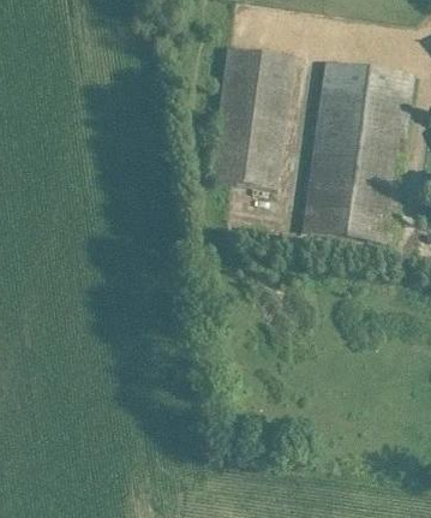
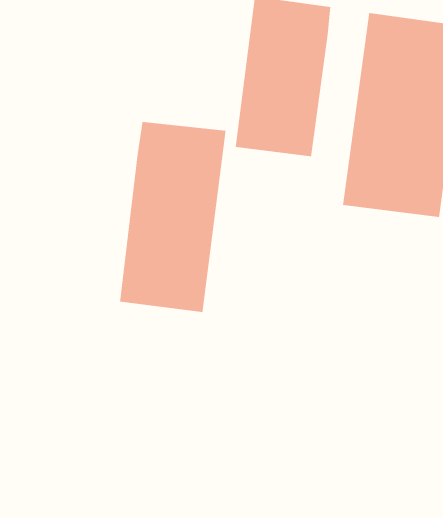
building: none -> [119,121,226,313]

